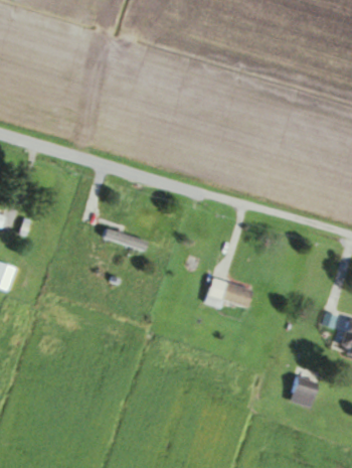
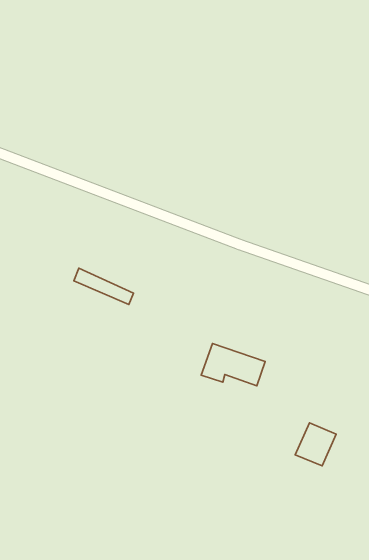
building: [289,374,319,407] -> [295,423,336,466]

